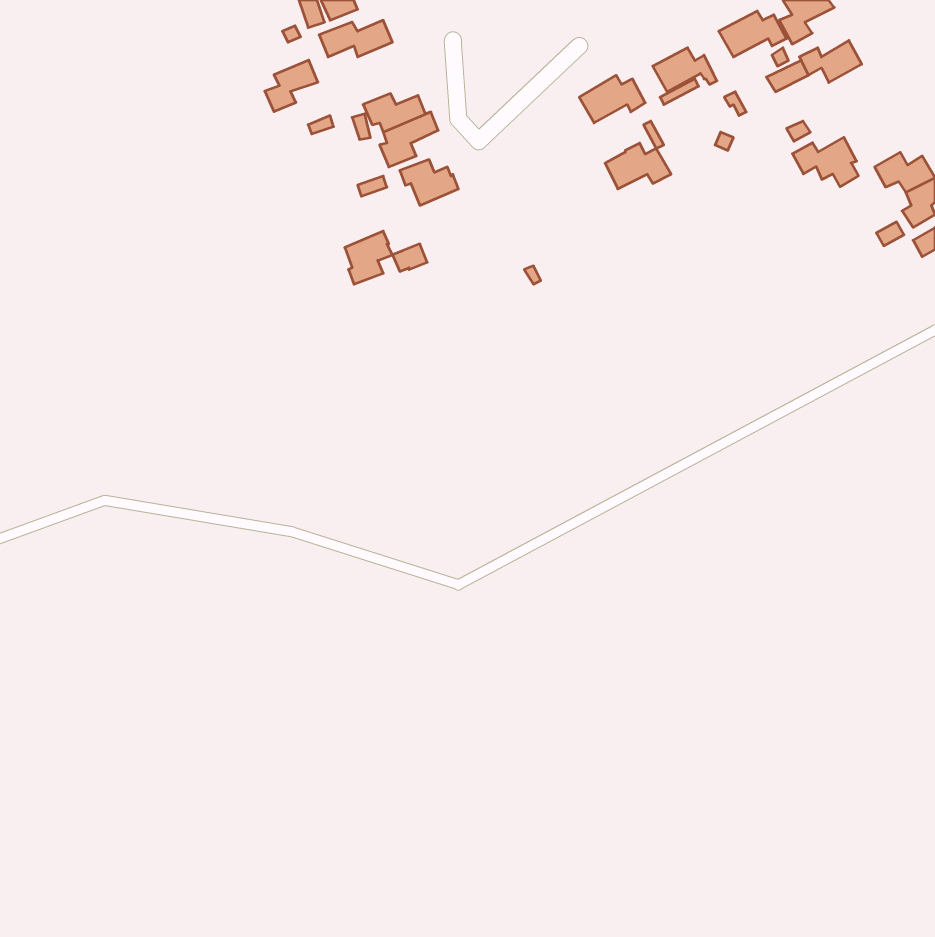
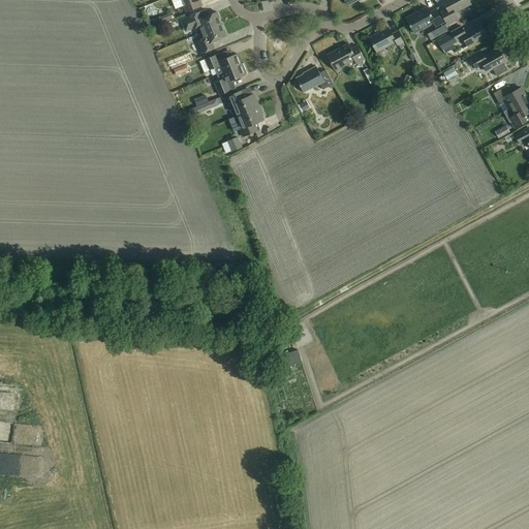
building: [265,60,318,112] -> [196,24,226,53]
building: [792,137,858,187] -> [469,49,506,76]
building: [605,143,671,189] -> [295,66,333,92]
building: [345,231,392,284] -> [237,106,263,136]

